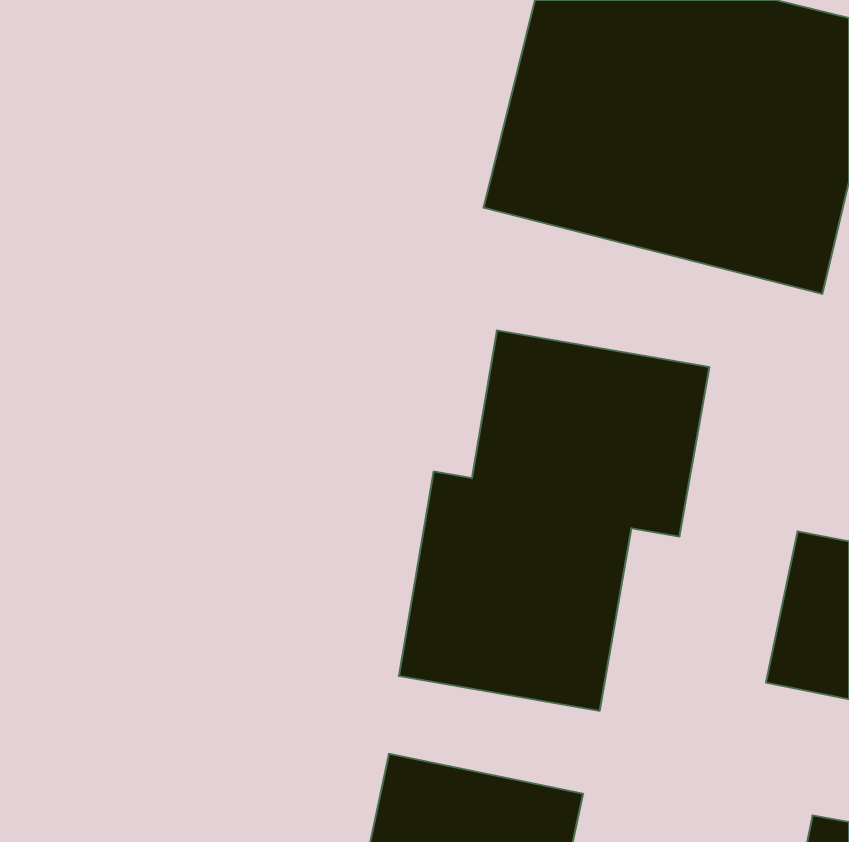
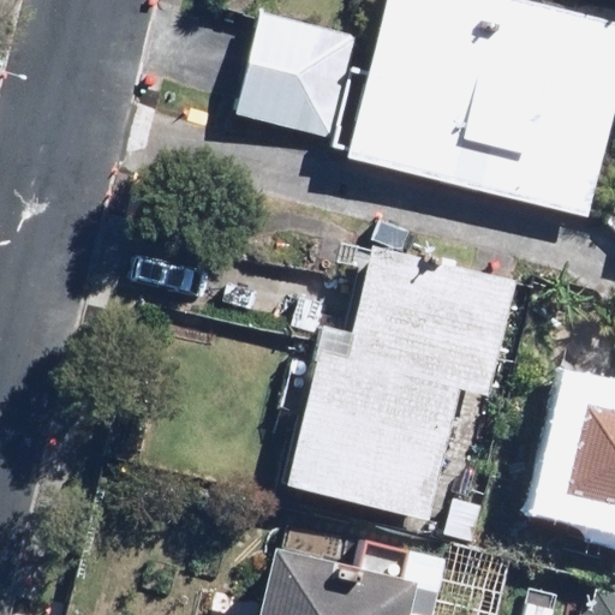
building: none -> [234,14,356,142]

